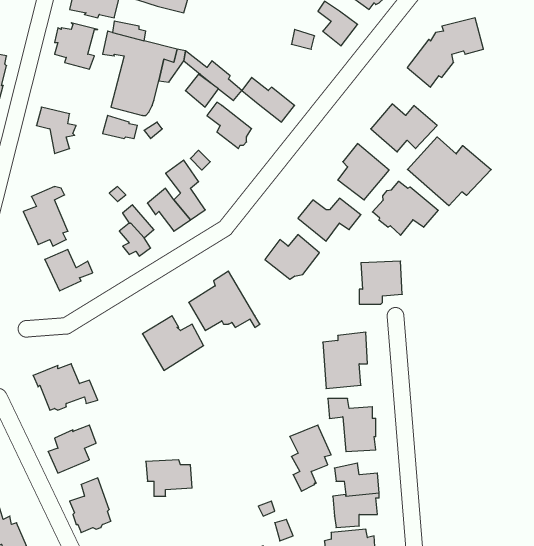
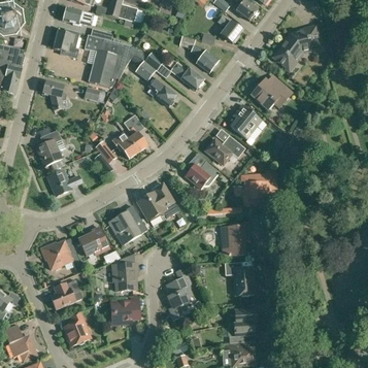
building: none -> [179,36,219,73]
building: [407,137,491,206] -> none
building: [372,181,438,235] -> none
building: none -> [78,227,108,256]
building: none -> [112,263,137,291]
building: [290,425,331,491] -> [166,277,192,319]

